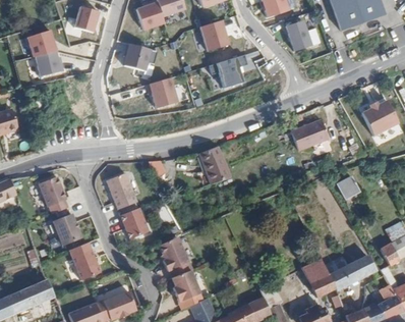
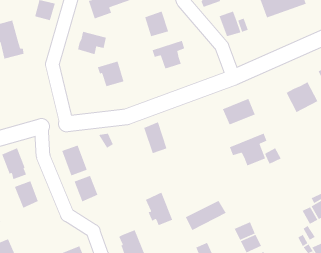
building: none -> [229,133,268,166]
building: [160,235,192,275] -> [145,191,173,226]
building: [69,242,100,279] -> none
building: [328,255,375,290] -> [185,200,227,231]

